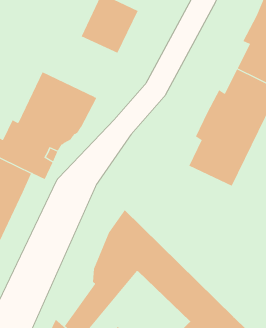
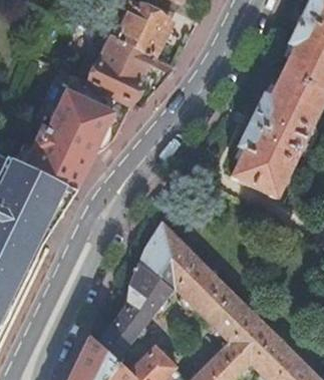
building: none -> [74,38,154,105]

